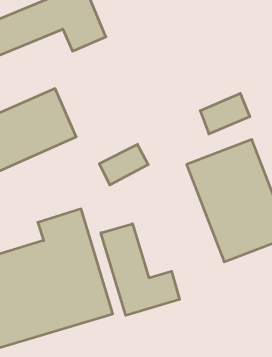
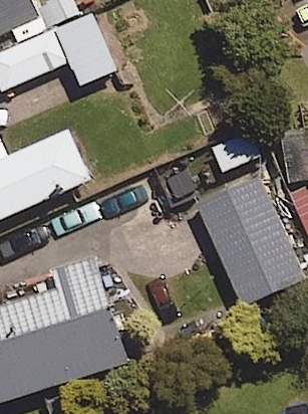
building: [101,224,180,315] -> none

